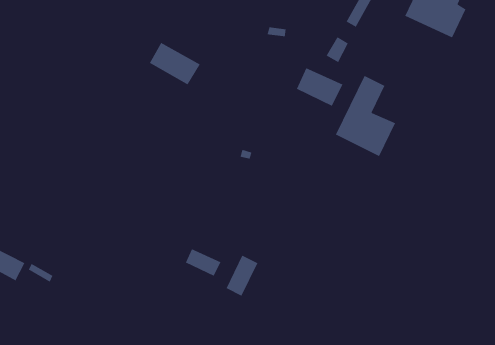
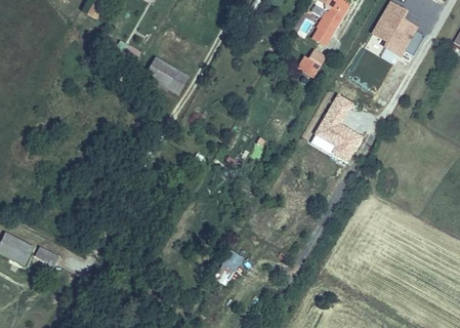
building: [296,67,343,107] -> none
building: [185,248,221,277] -> none

